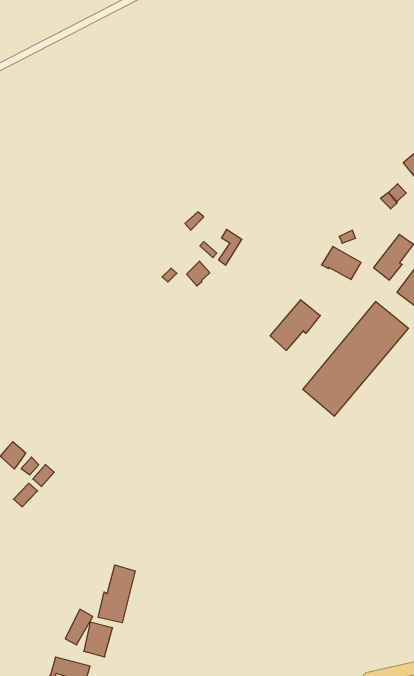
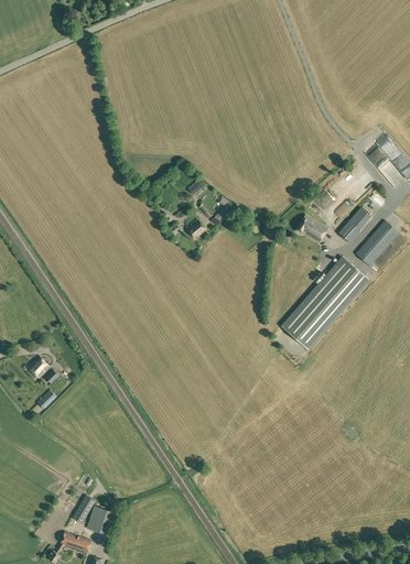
building: [270,300,320,350] -> none
building: [98,565,135,623] -> none

